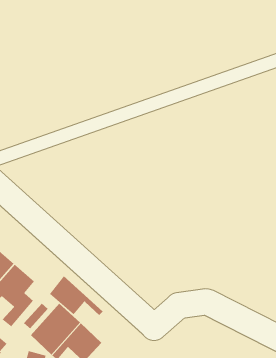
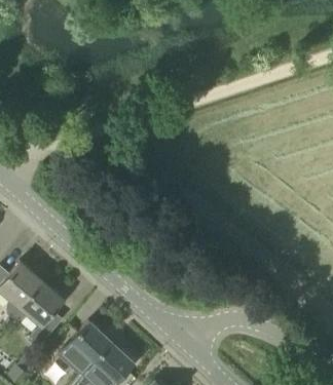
building: [49,276,103,316] -> none

